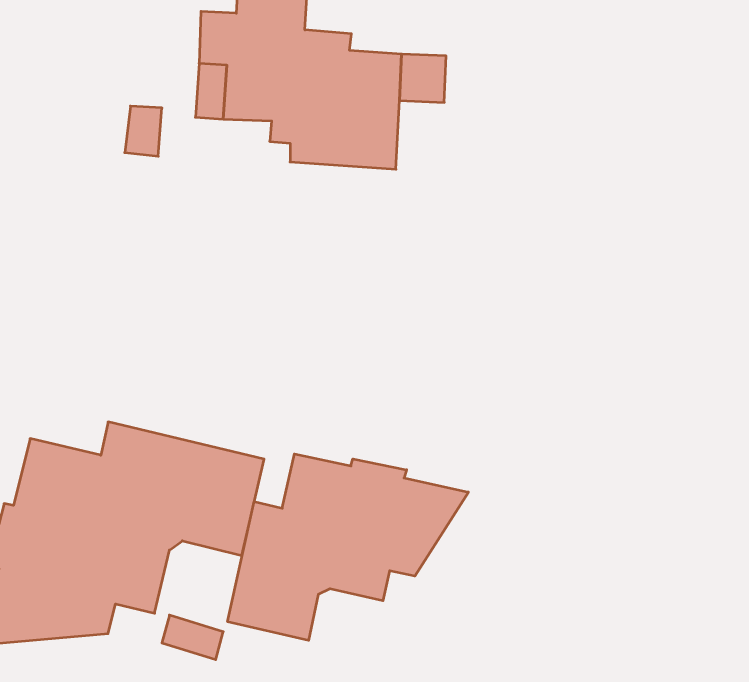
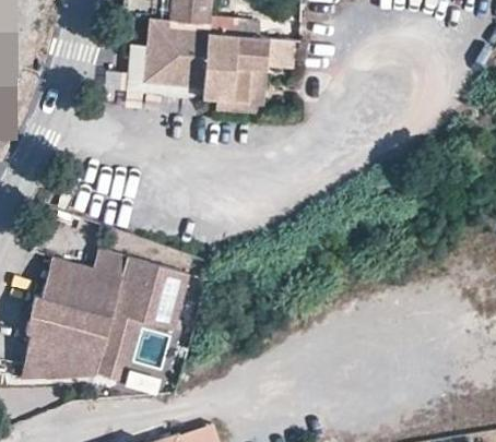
building: [228,454,468,640] -> none

